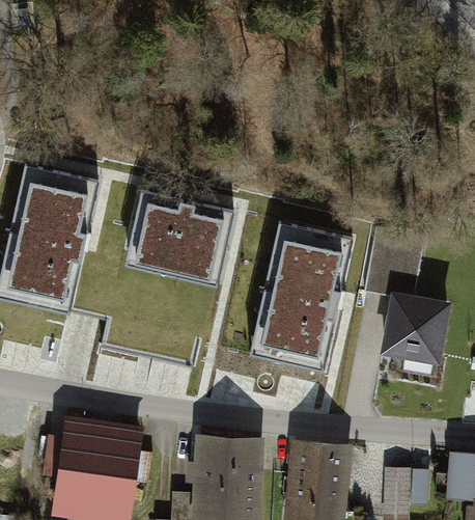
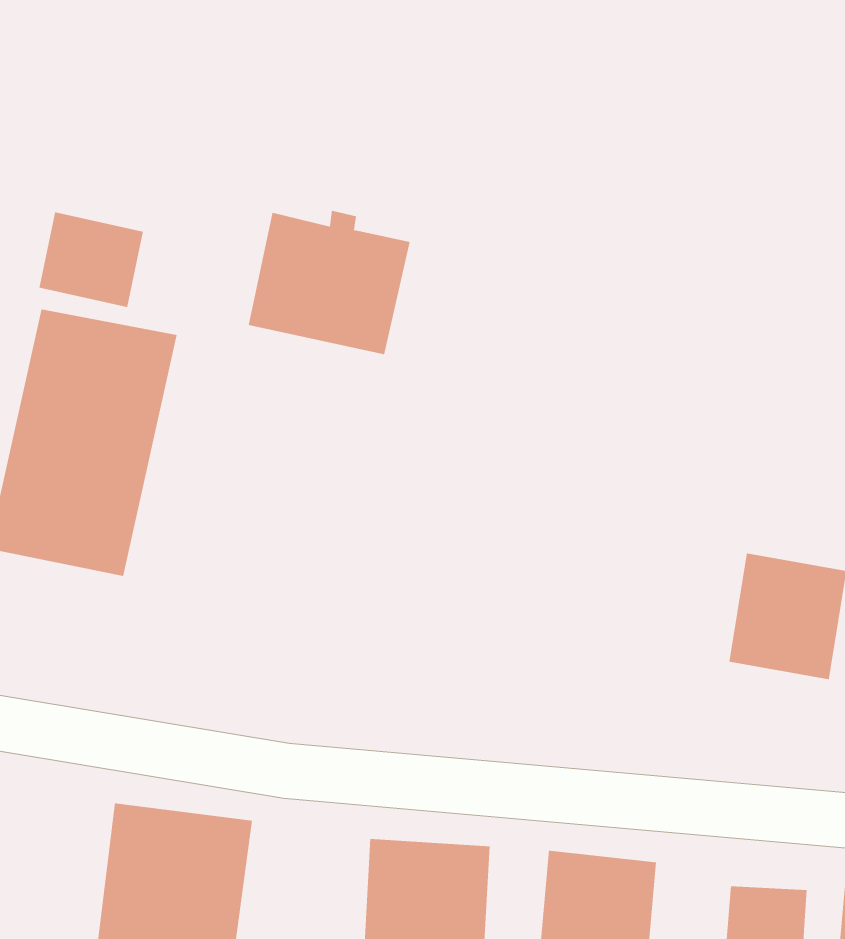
building: none -> [39,212,144,308]
building: [136,202,221,278] -> [248,210,410,355]
building: [251,220,356,370] -> none

